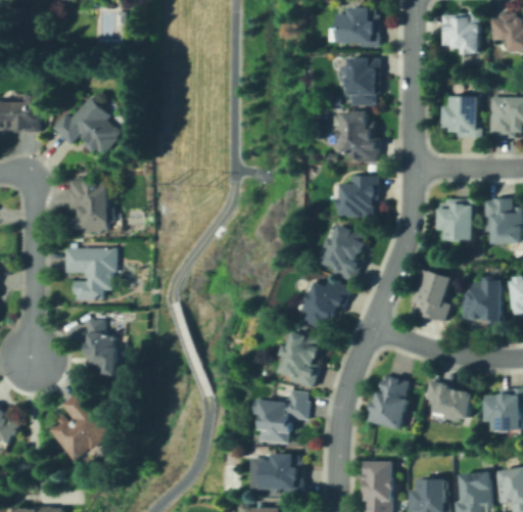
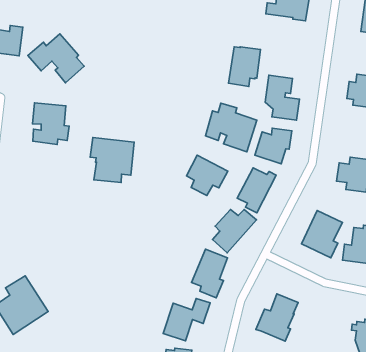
building: [347,59,380,105] -> [229,47,261,87]
building: none -> [205,103,257,152]
building: none -> [187,155,228,195]
building: [64,247,115,298] -> [90,138,134,183]
building: [87,320,114,372] -> none
building: [424,381,470,426] -> none

